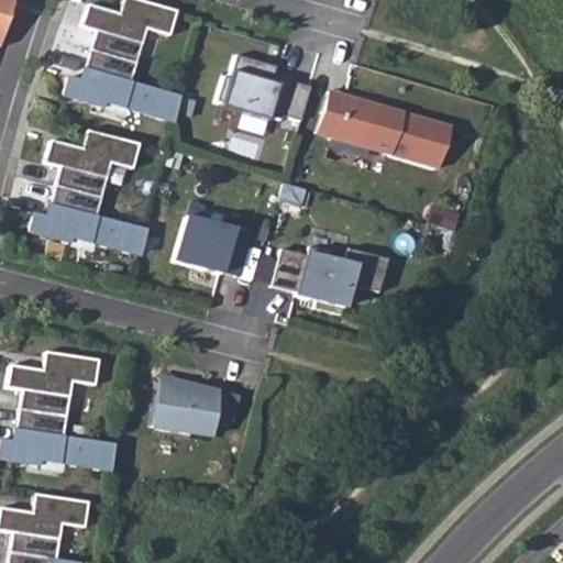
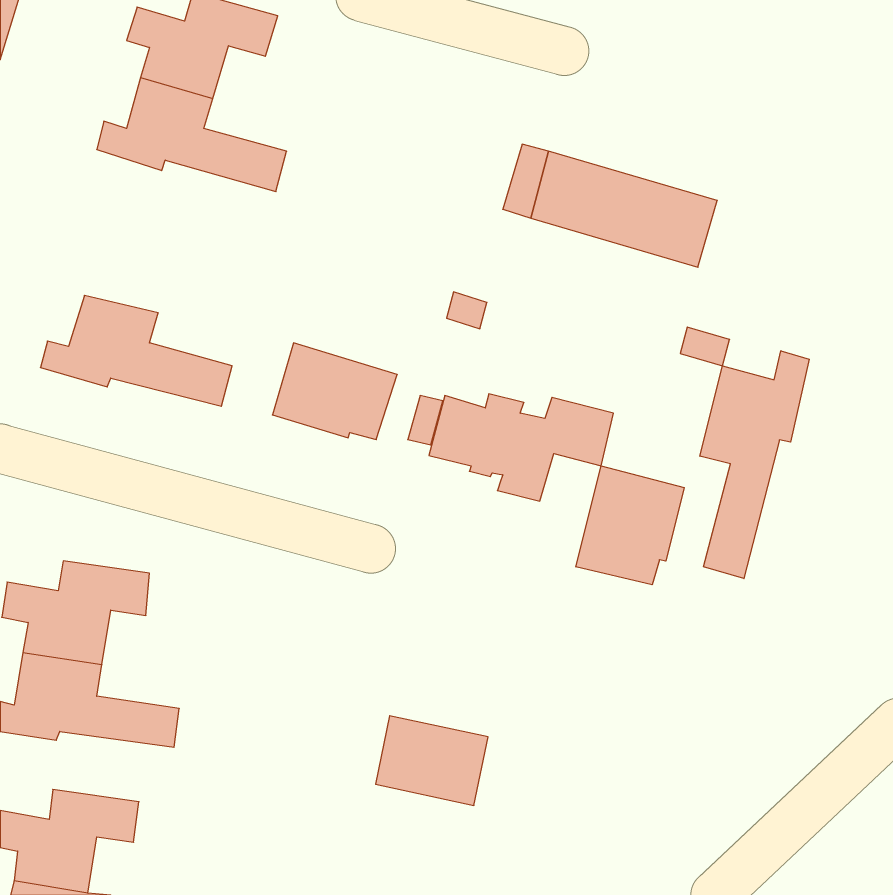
building: [219,53,312,119] -> none
building: [45,129,140,196] -> none
building: none -> [700,351,809,579]
building: none -> [576,466,684,585]
building: [150,378,220,434] -> [376,716,488,805]

